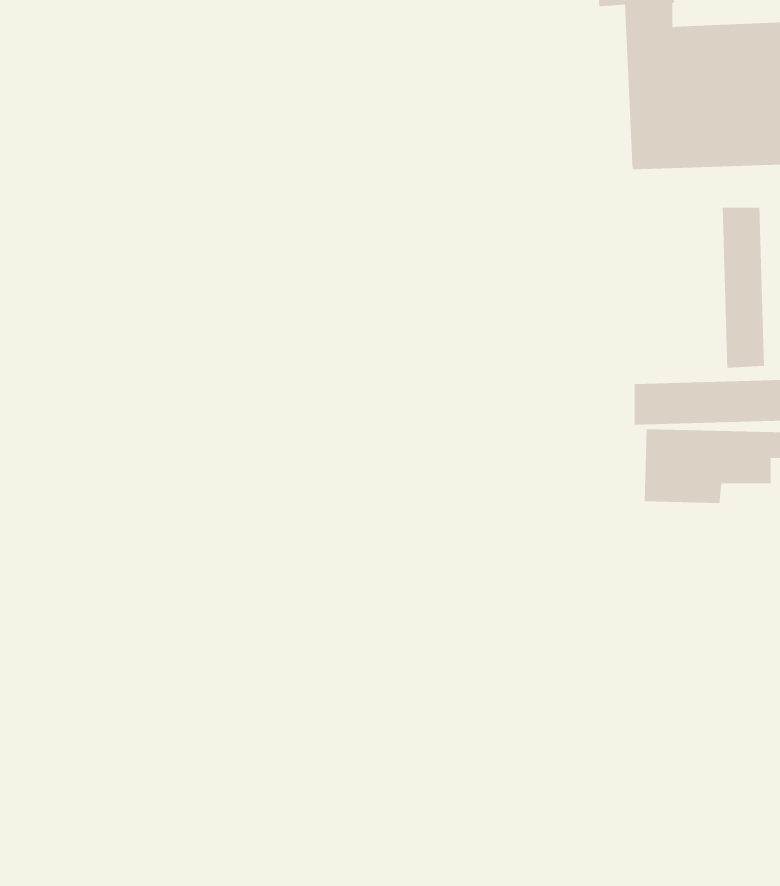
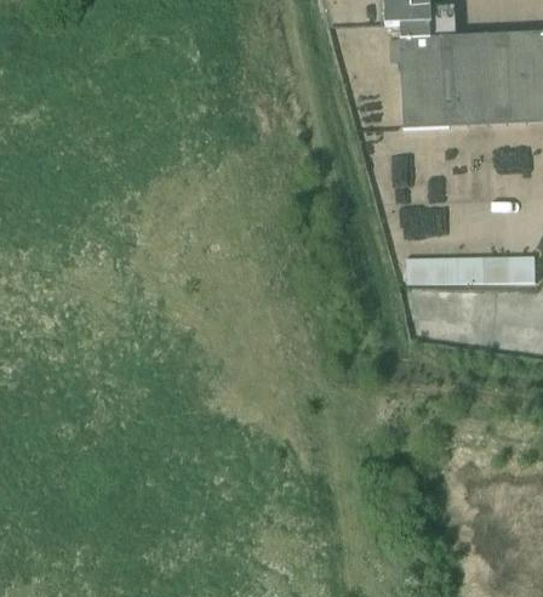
building: [722,207,764,369] -> none

